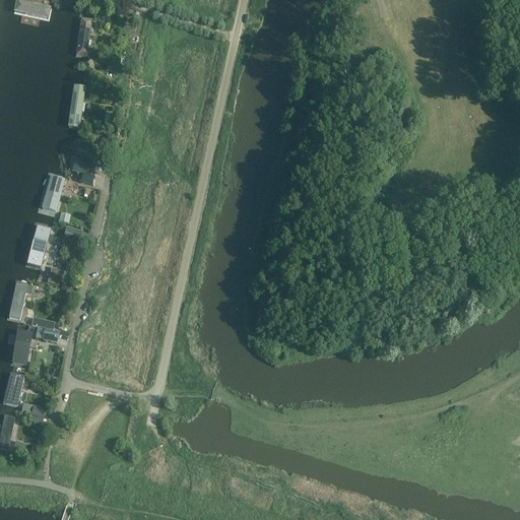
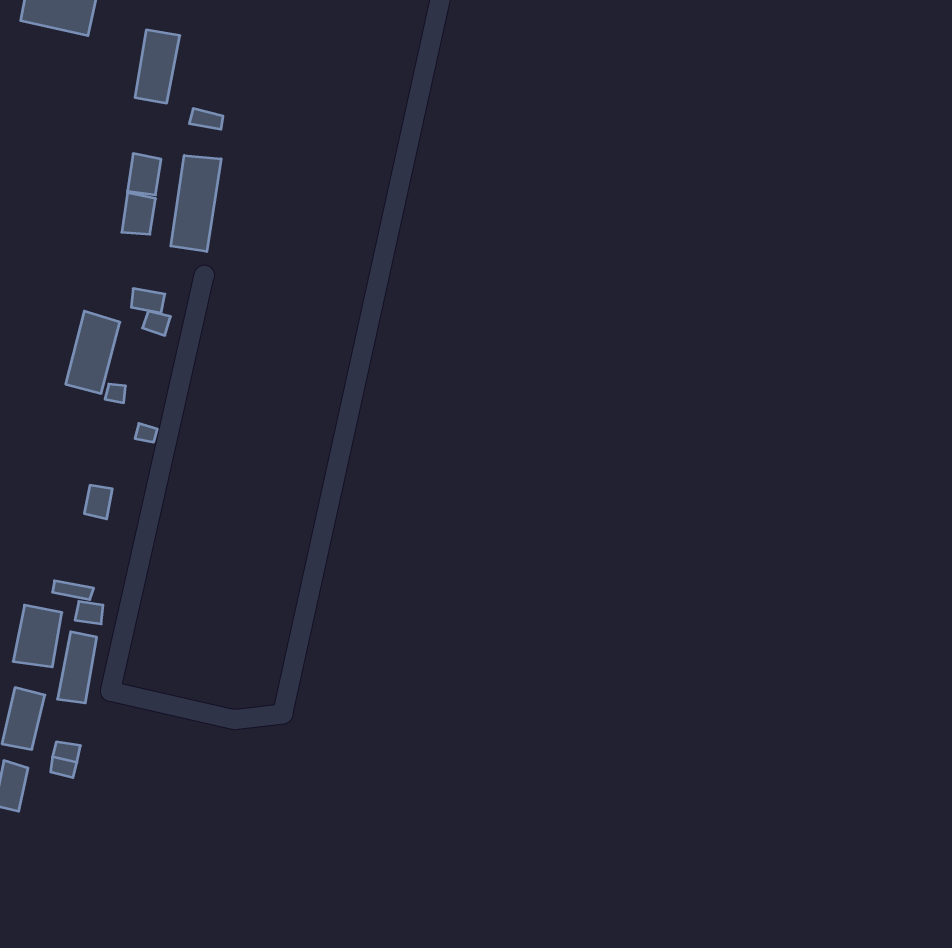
building: none -> [171,155,221,252]
building: [27,225,55,269] -> none
building: [7,280,28,319] -> [57,632,97,703]

